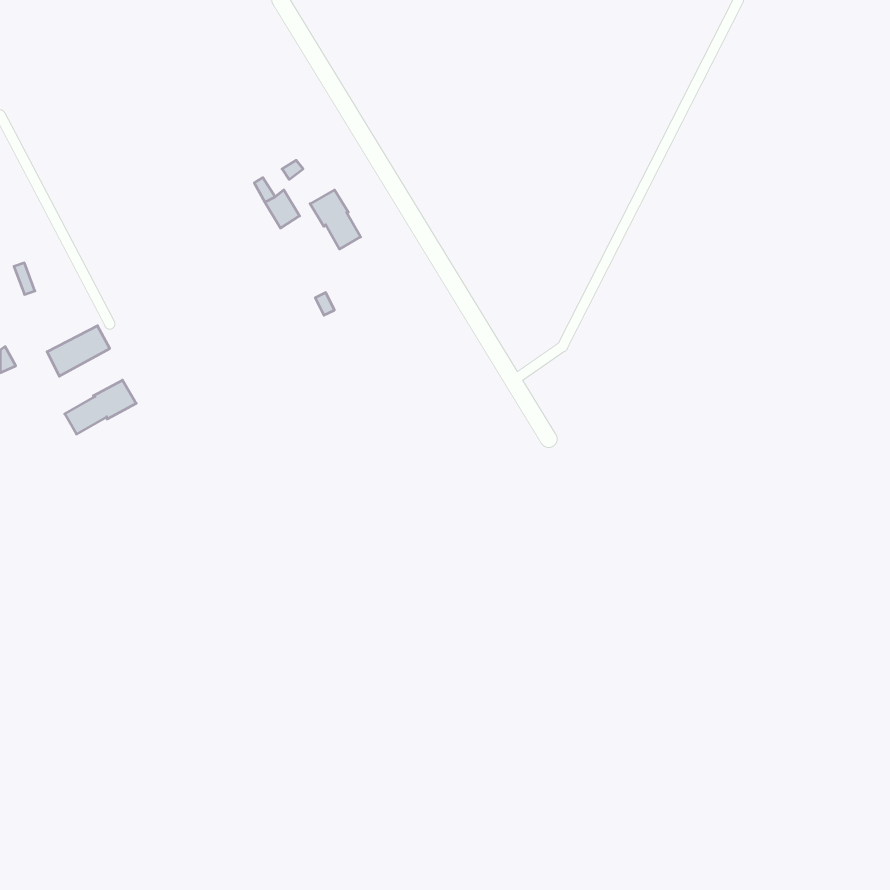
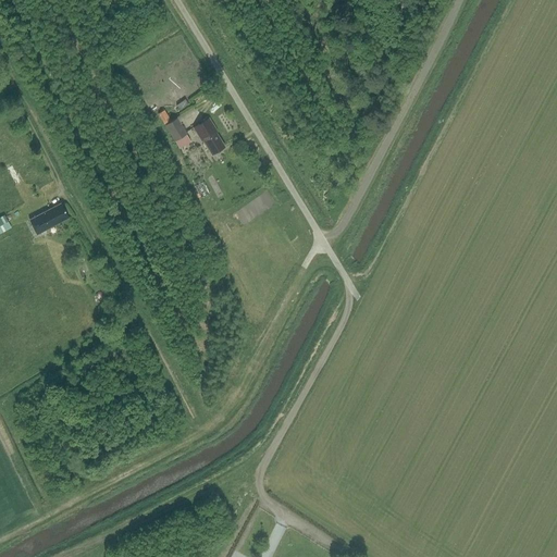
building: [65,380,136,434] -> none

